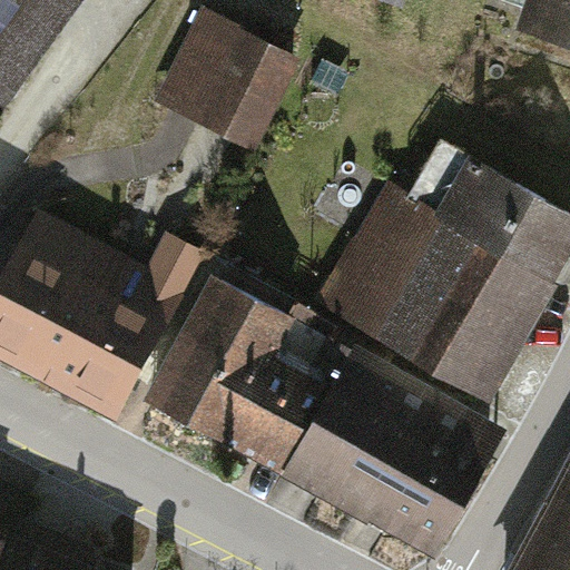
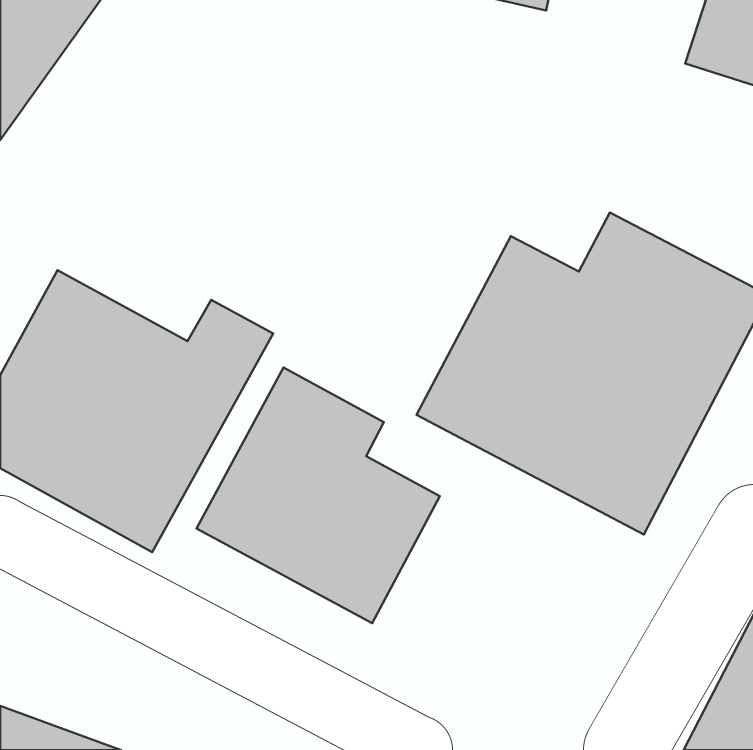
building: [156,8,305,150] -> none
building: [282,351,502,559] -> none

